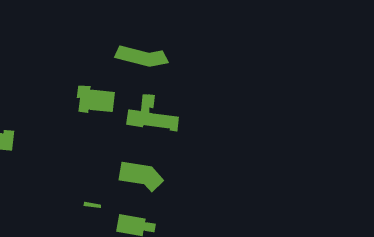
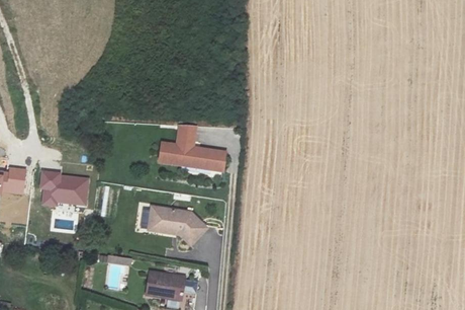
building: [113,44,170,68] -> none
building: [76,85,116,113] -> [39,170,88,205]

